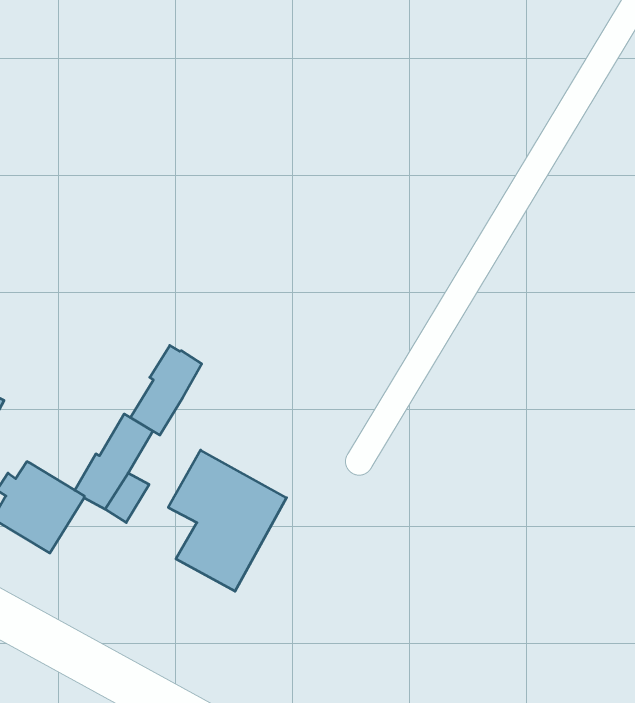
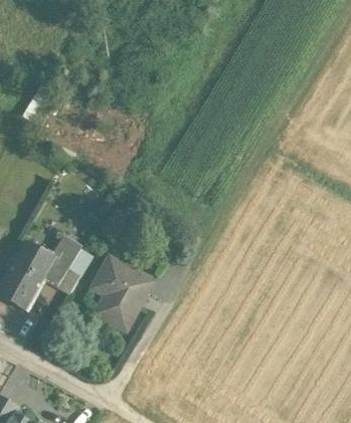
building: [130,345,202,435] -> none
building: none -> [17,245,51,276]

